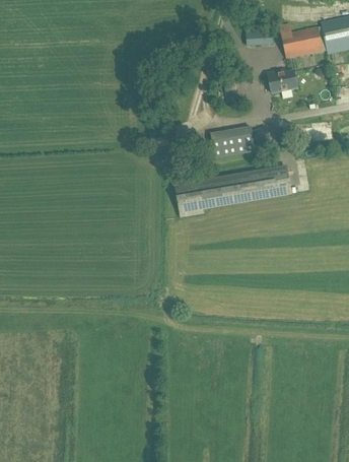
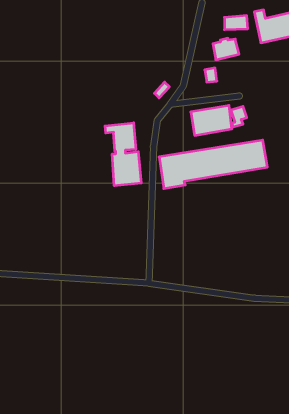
building: [269,69,297,92] -> [213,38,239,60]
building: none -> [105,123,141,186]

